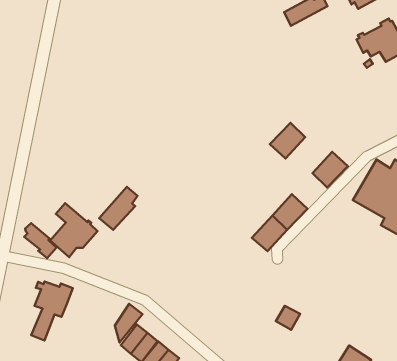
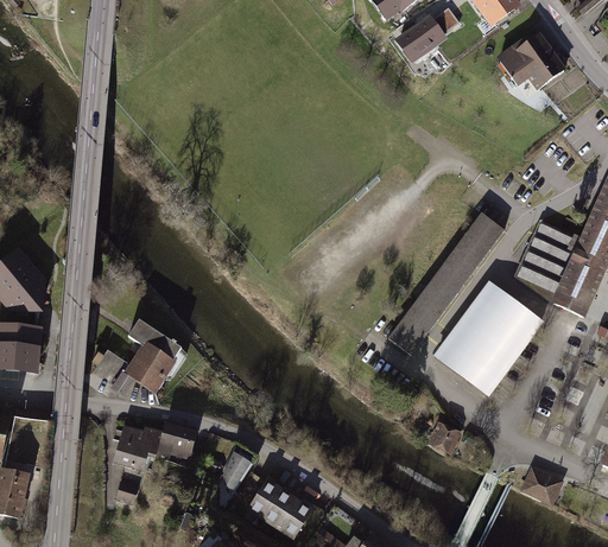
building: [270,123,305,159] -> [435,244,480,292]
building: [99,187,138,230] -> none
building: none -> [436,285,540,392]
building: none -> [156,422,194,457]

